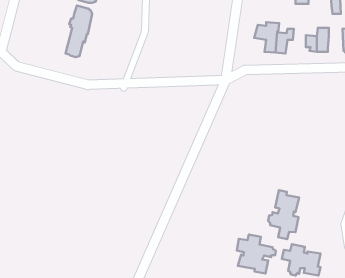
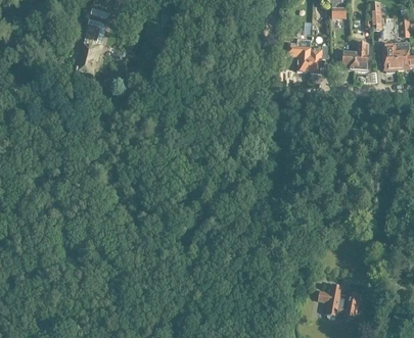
building: [268,190,299,239] -> none
building: [237,235,276,274] -> none

